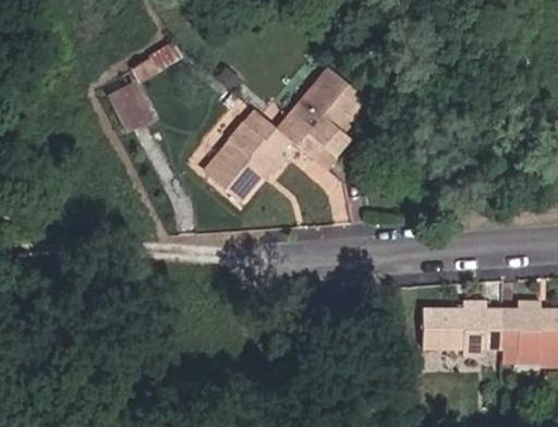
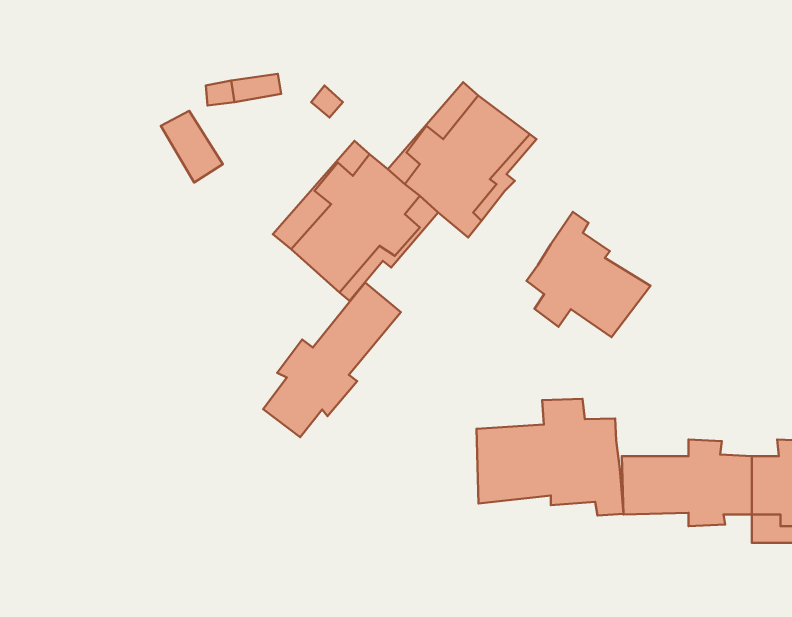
building: none -> [527,212,651,337]
building: none -> [263,282,401,437]
building: none -> [477,399,623,515]

